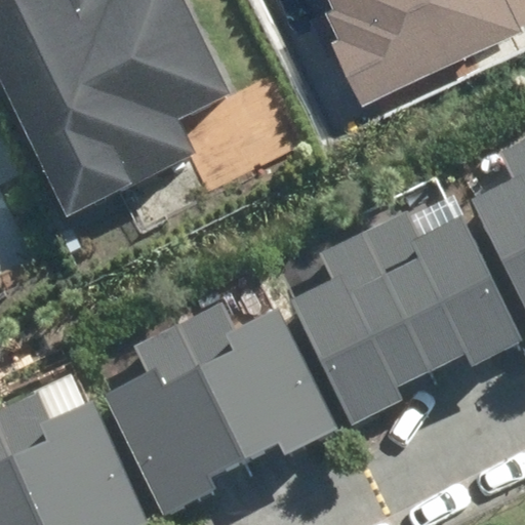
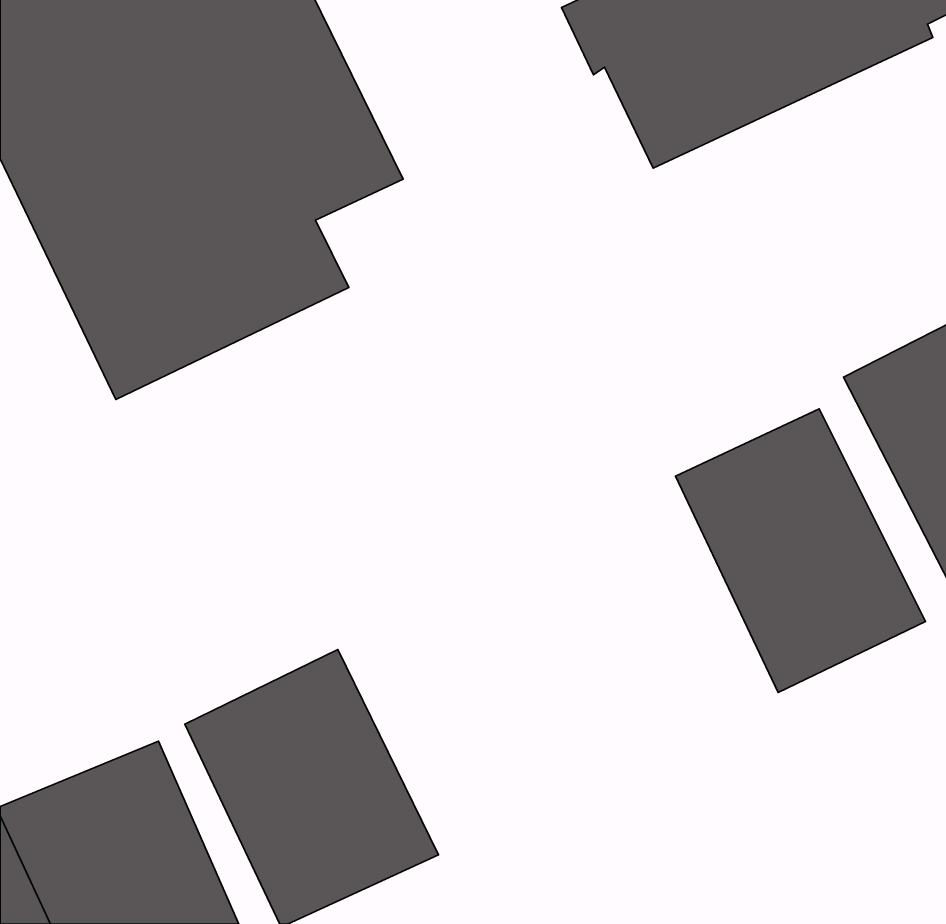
building: [293,261,432,418] -> none
building: [190,315,334,470] -> none

